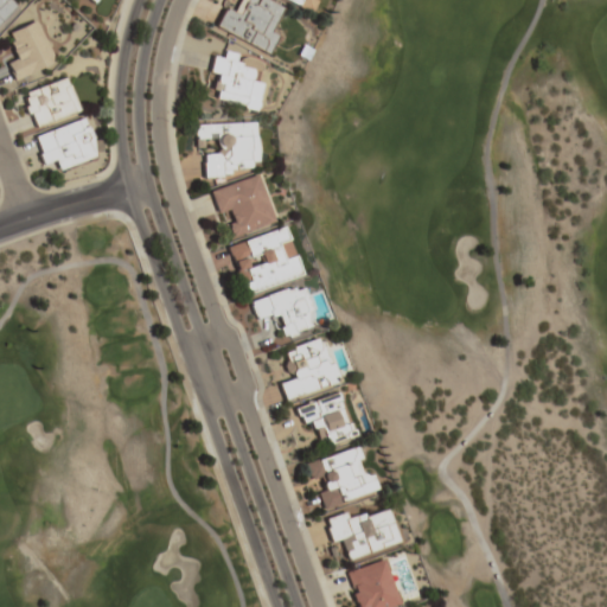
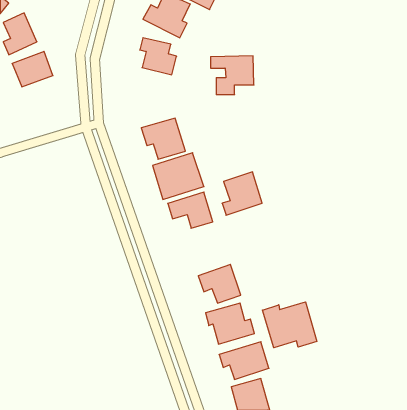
building: [37,117,102,168] -> none
building: [198,121,262,178] -> [211,56,254,95]
building: [281,336,340,400] -> [222,172,262,215]
building: none -> [262,302,317,348]

